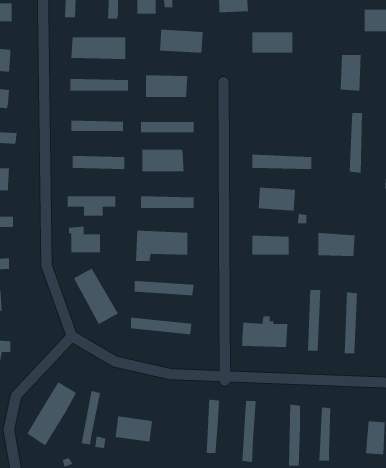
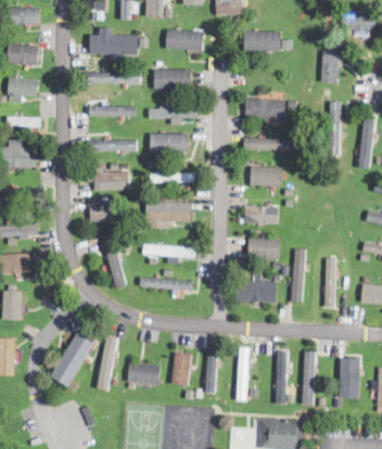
building: none -> [245,99,284,126]
building: [317,233,355,257] -> [247,238,280,258]
building: none -> [171,351,190,385]

